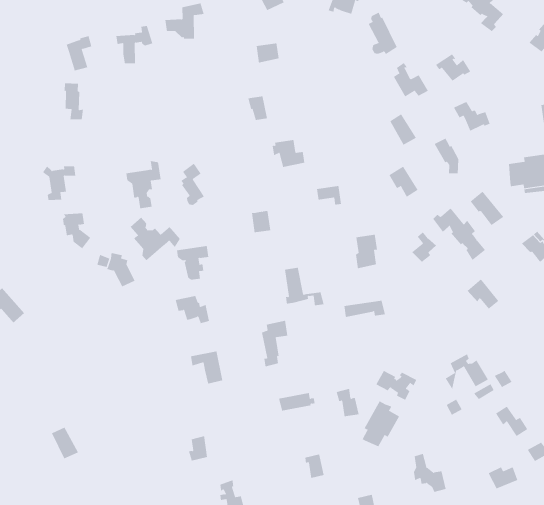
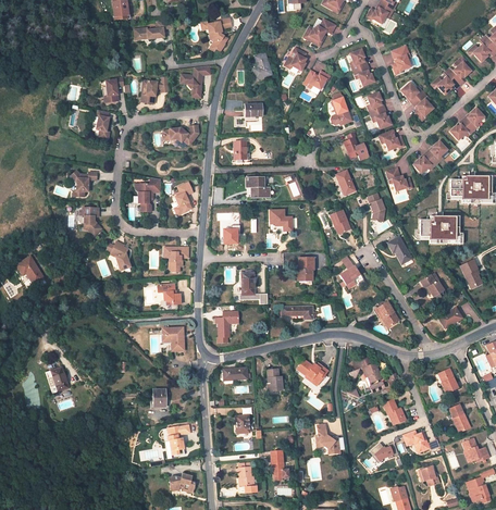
building: none -> [364,94,390,130]
building: none -> [412,142,446,174]
building: none -> [161,125,198,146]
building: [433,208,486,261] -> none
building: [130,217,181,261] -> none
building: [362,401,400,447] -> none

